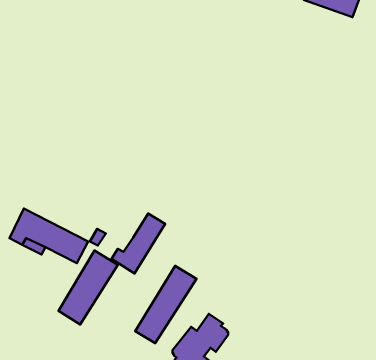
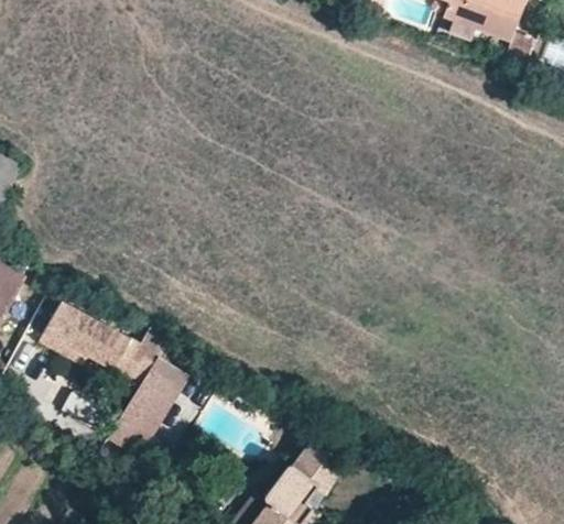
building: [112,213,165,274] -> none
building: [135,266,196,343] -> none

